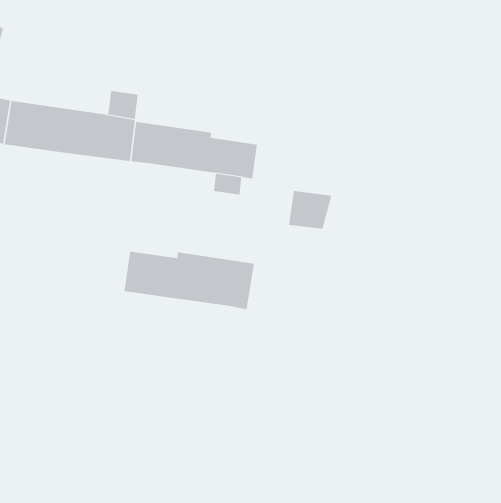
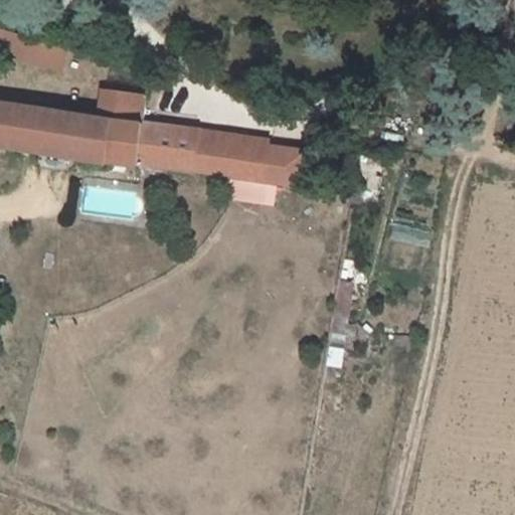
building: [288,190,332,229] -> [255,146,300,185]
building: [124,251,255,310] -> none

